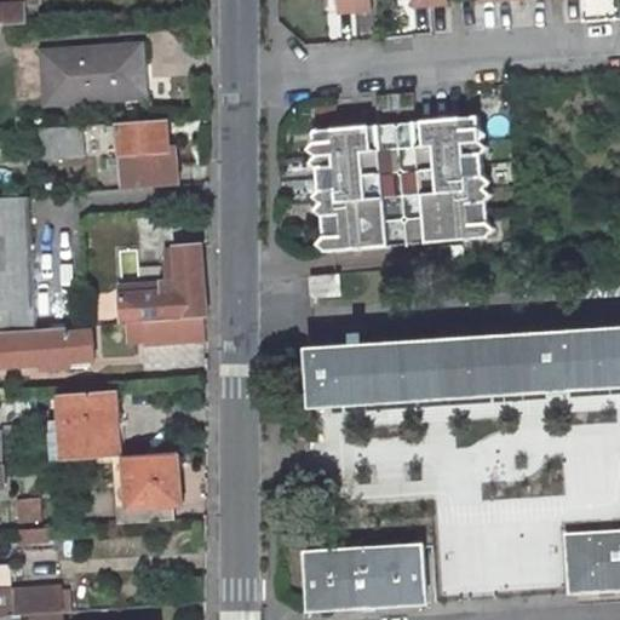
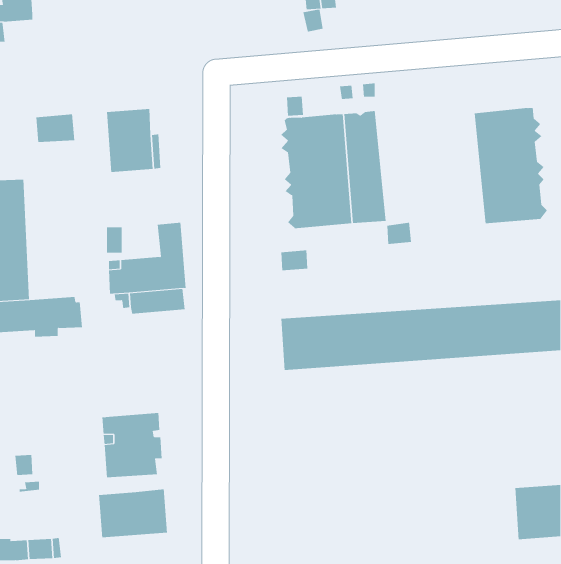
building: [40,44,143,103] -> none
building: [412,115,493,242] -> [474,108,548,224]
building: [50,390,115,460] -> none
building: none -> [99,488,168,538]
building: [304,544,425,609] -> none

